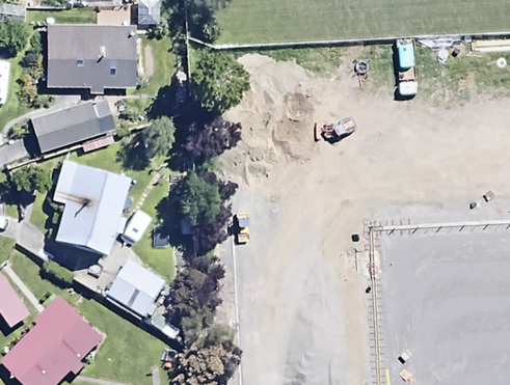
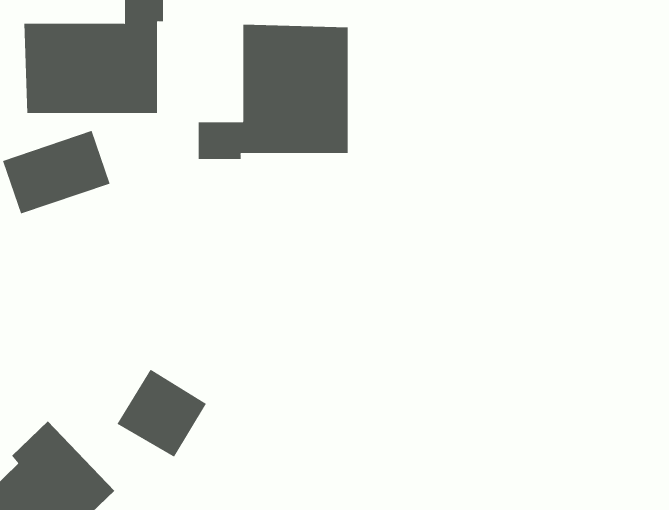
building: none -> [198,24,348,160]
building: [51,159,128,257] -> none

